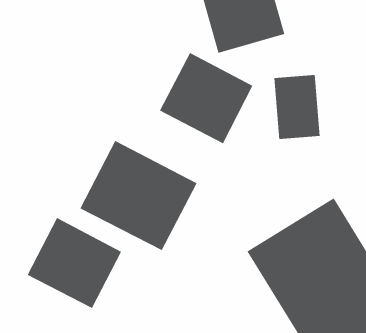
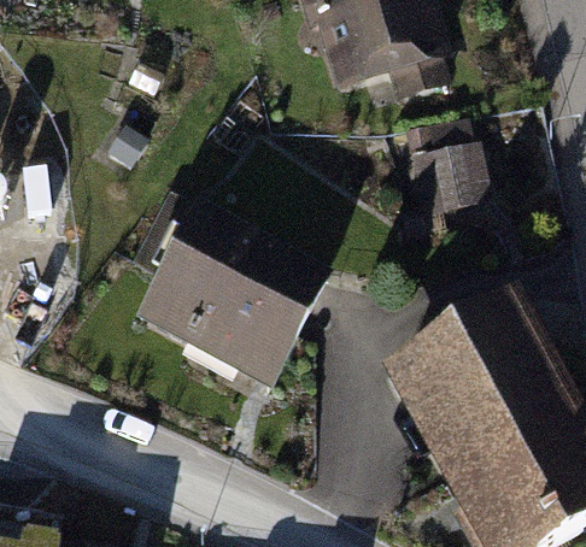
building: [159,52,253,144] -> none
building: [27,217,122,309] -> none

